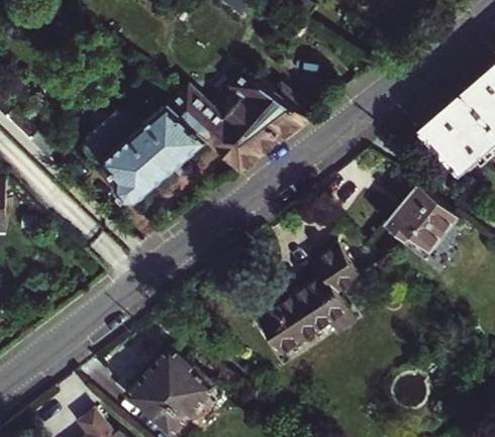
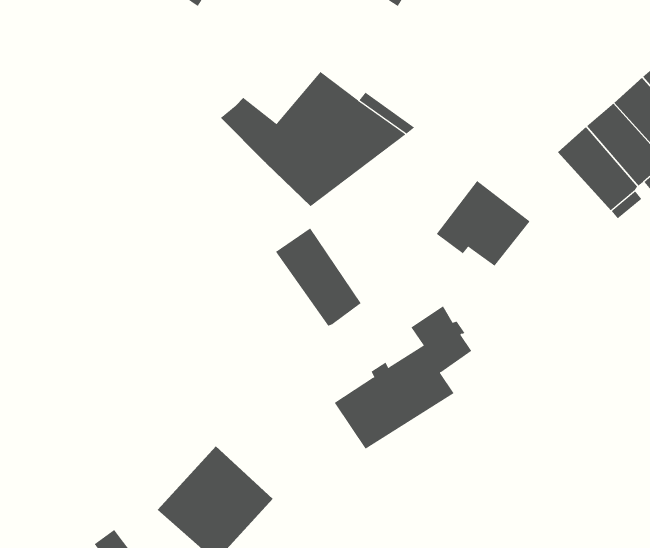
building: [85,107,206,200] -> none
building: [383,181,453,244] -> [436,180,530,267]
building: none -> [275,228,362,326]

